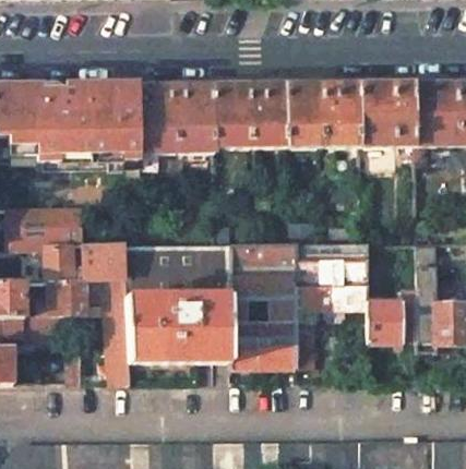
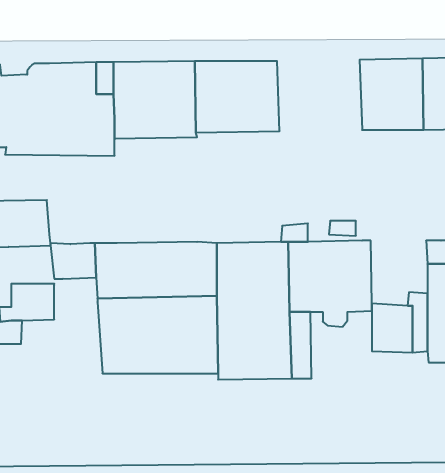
building: [284,82,359,145] -> none
building: [46,246,86,280] -> none
building: [105,297,130,383] -> none

